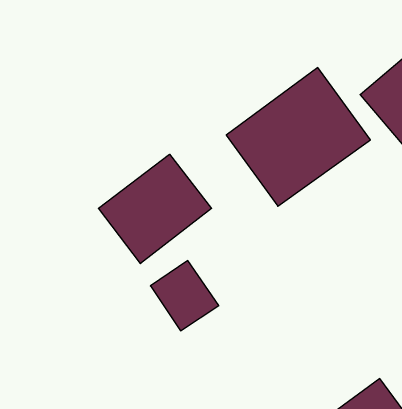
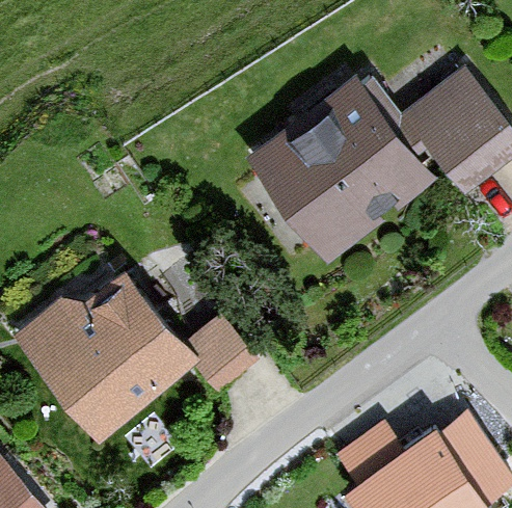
building: [98,154,212,264] -> none
building: none -> [36,283,183,426]

